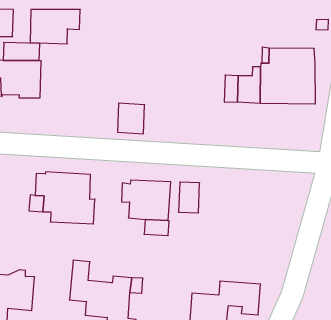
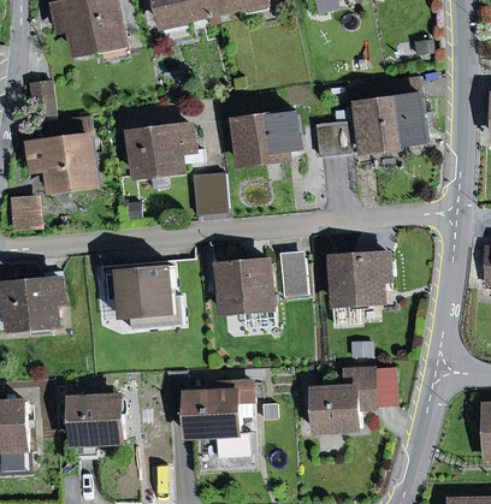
building: [30,9,80,44] -> [132,125,194,173]
building: none -> [236,111,301,162]
building: none -> [333,254,390,302]

